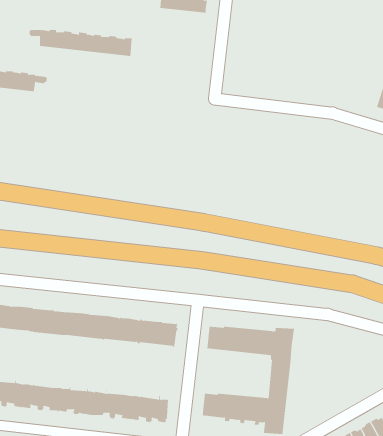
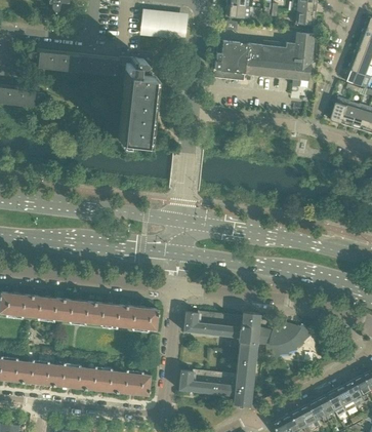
building: none -> [212,32,313,80]
building: none -> [121,53,152,144]
building: none -> [256,322,309,355]

